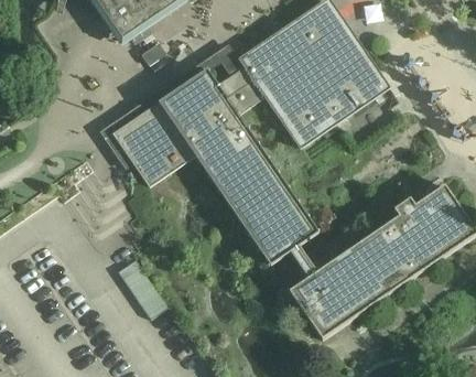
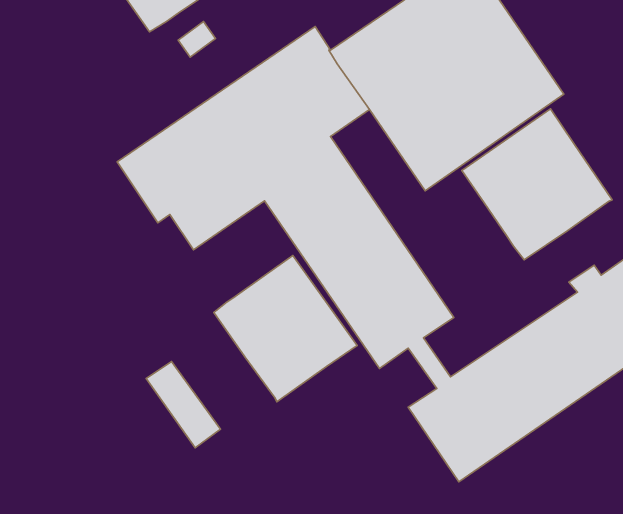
building: none -> [462,109,612,260]
building: none -> [214,255,357,402]

